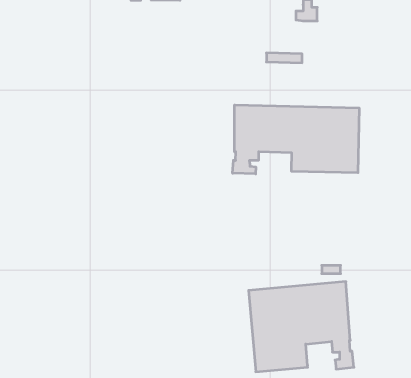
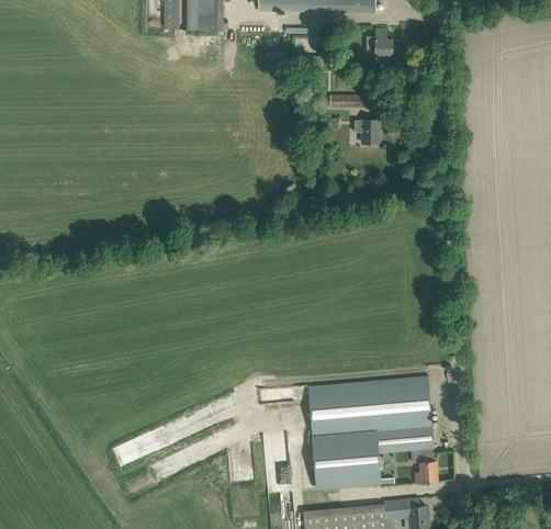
building: none -> [353,120,379,143]
building: [233,105,359,174] -> none

